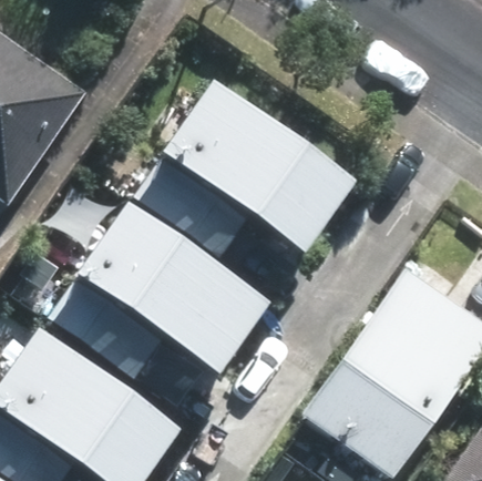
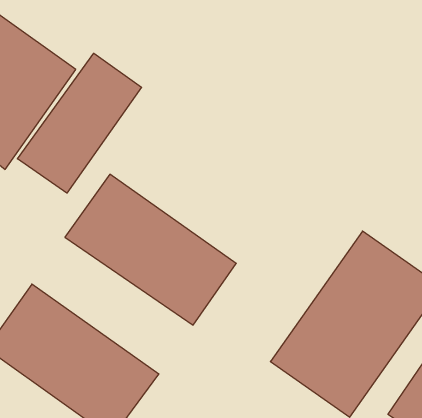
building: none -> [17,53,142,193]
building: [161,79,355,254] -> none

